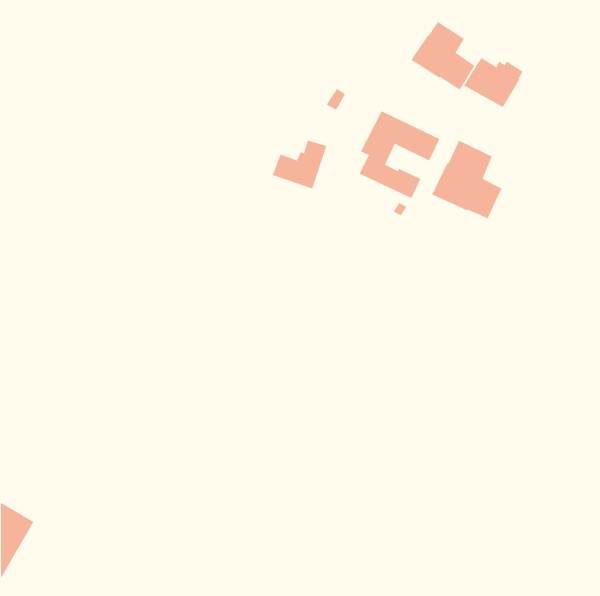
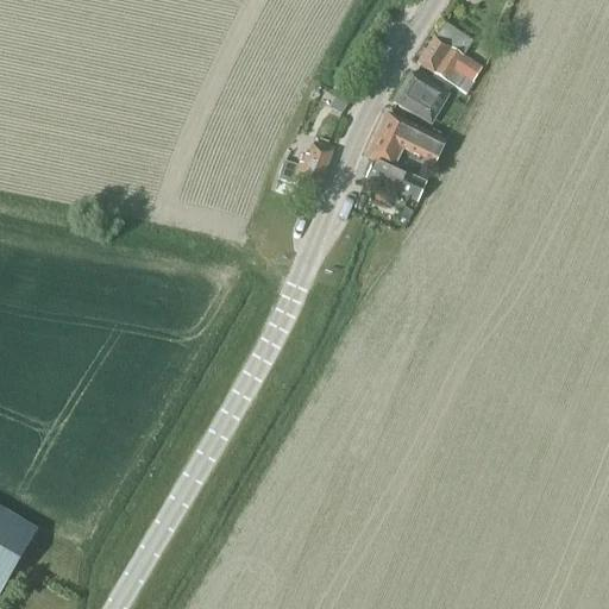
building: [463,57,523,108] -> [391,71,452,123]
building: [432,140,502,219] -> none

